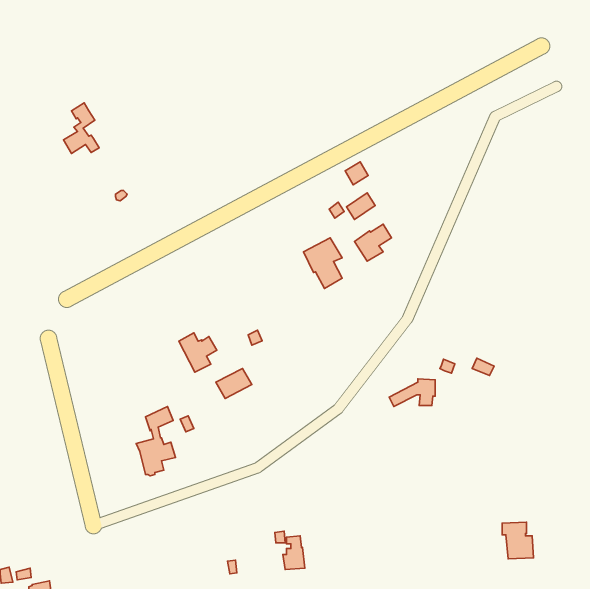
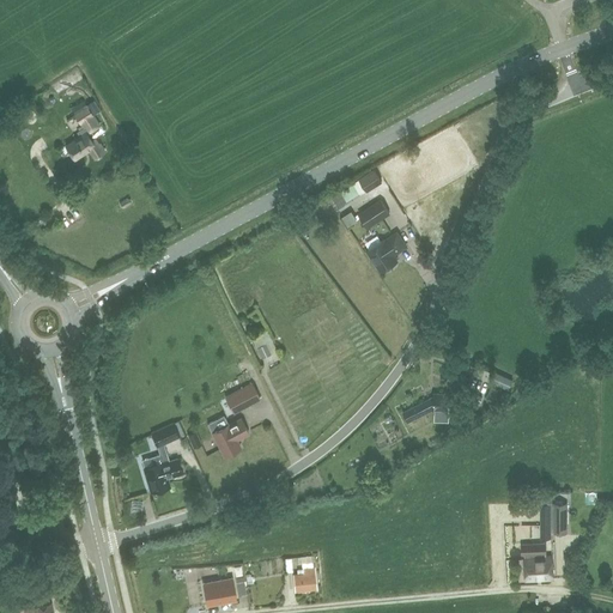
building: [304,238,342,289] -> none
building: [179,333,217,372] -> [207,417,247,457]
building: none -> [527,492,568,539]
building: none -> [202,581,233,606]

